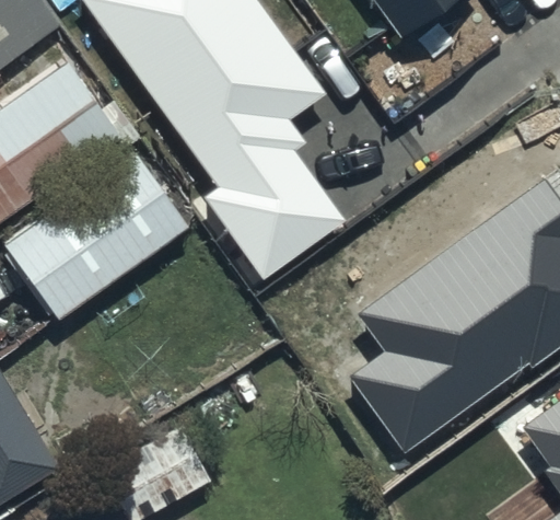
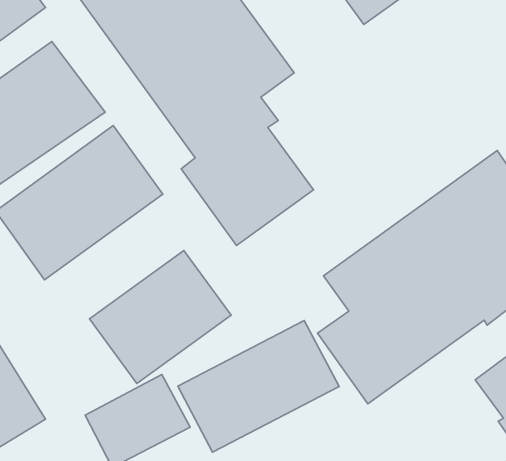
building: none -> [89,251,231,384]
building: none -> [178,321,339,452]

